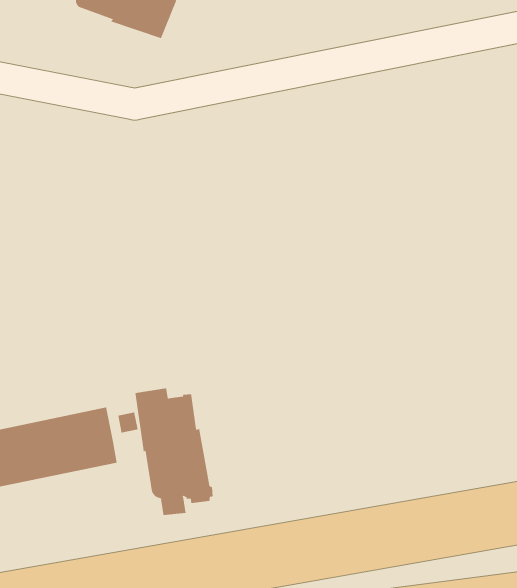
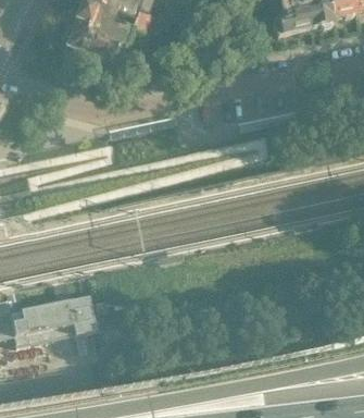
building: [135,387,213,516] -> none

